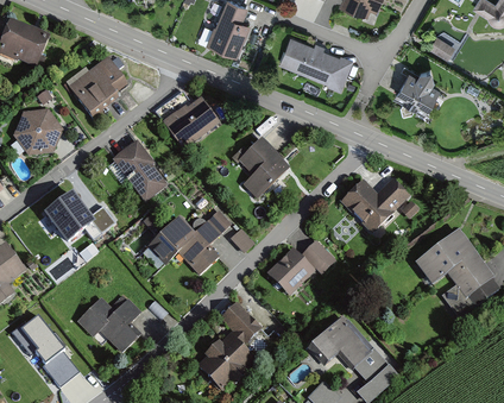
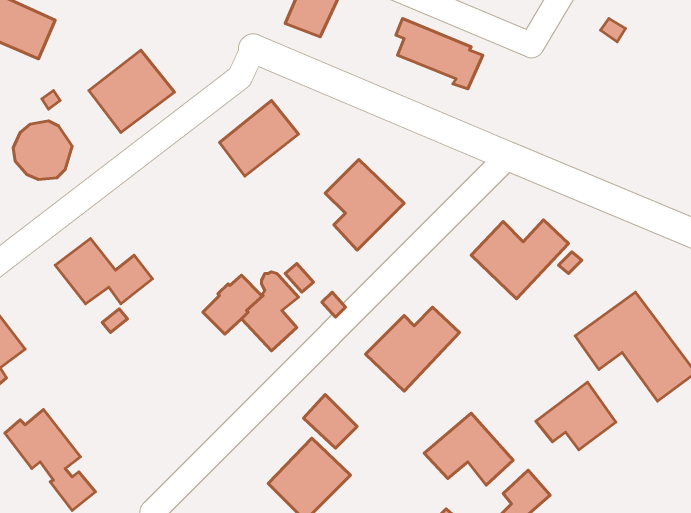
building: [392,69,437,114] -> none
building: [114,141,166,199] -> none
building: none -> [536,382,616,450]
building: [78,296,140,350] -> none

